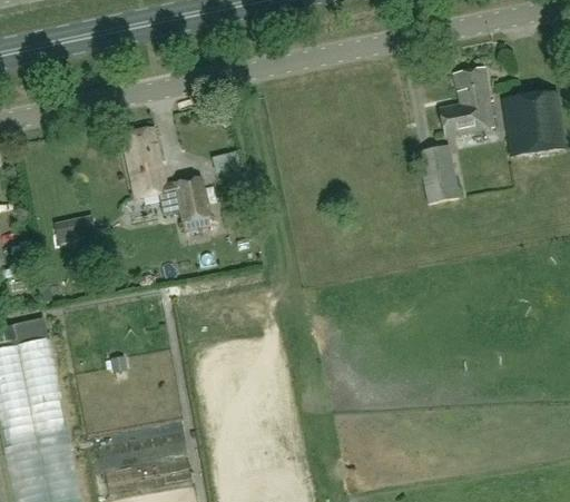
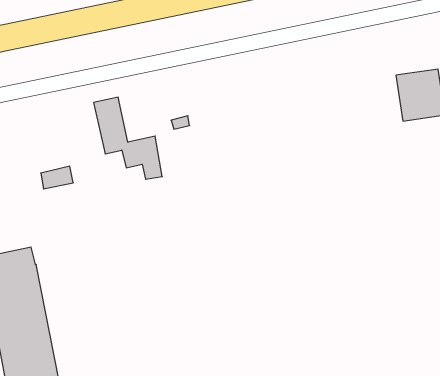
building: [440,67,494,137] -> none
building: [419,146,459,205] -> none

